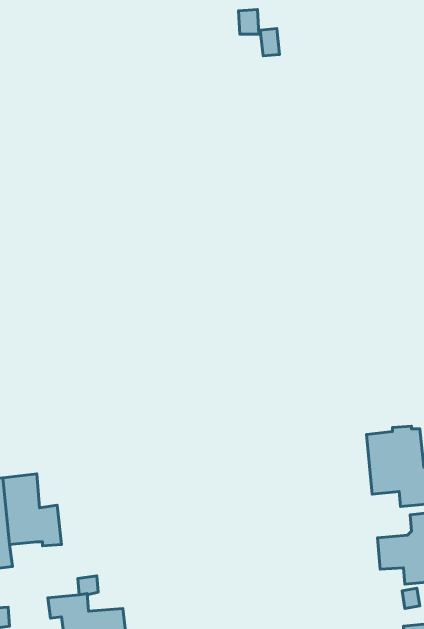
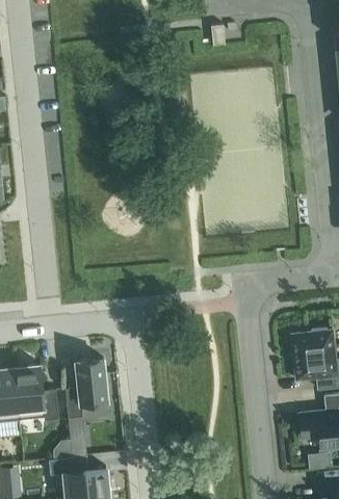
building: none -> [64,359,107,418]

